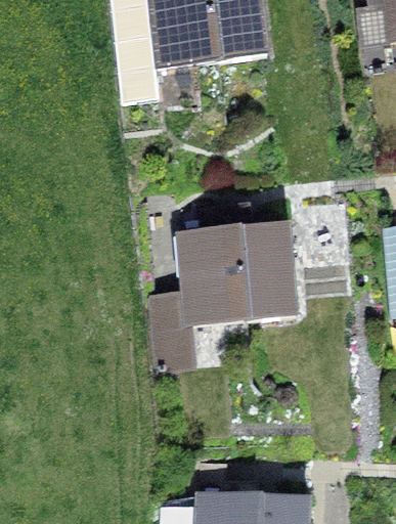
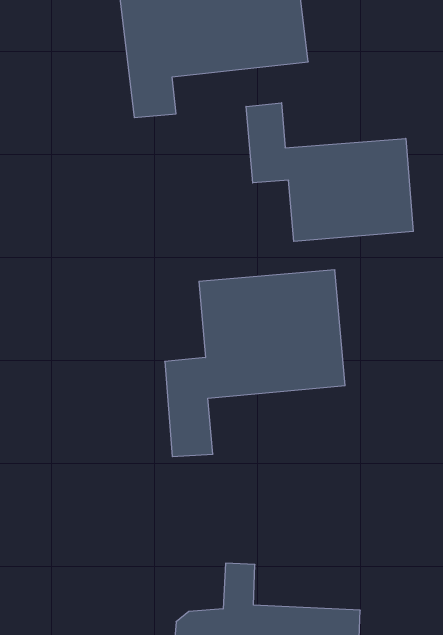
building: none -> [246,103,413,241]

